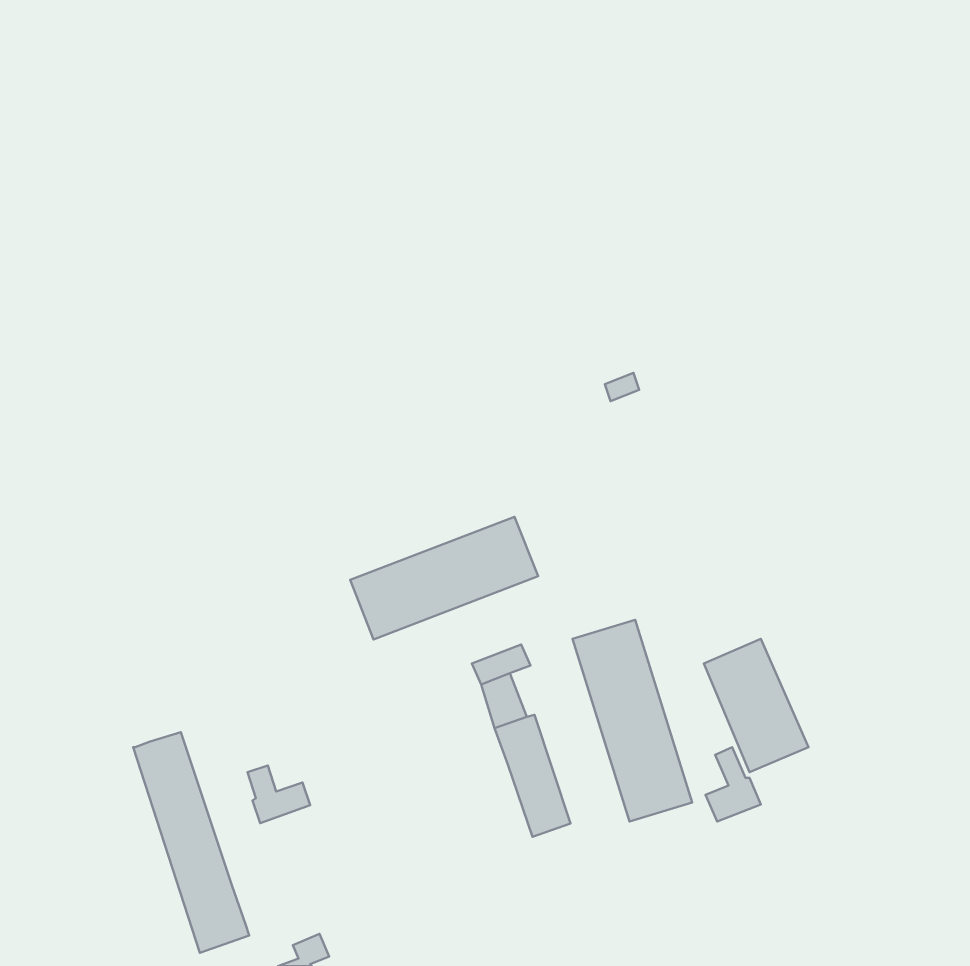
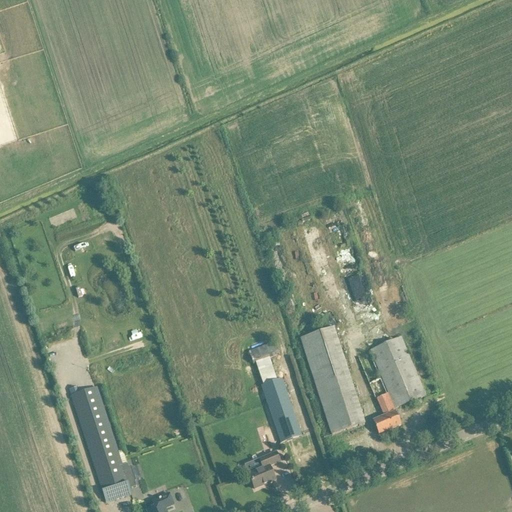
building: [350,517,538,639] -> none
building: [248,766,310,823] -> none
building: none -> [248,450,279,487]

